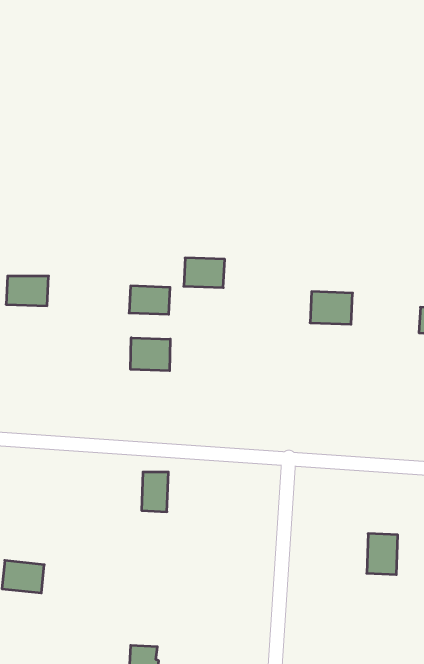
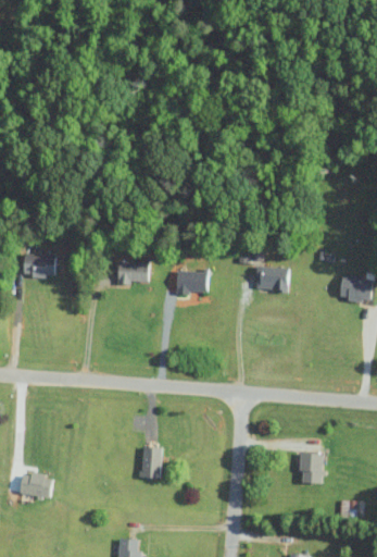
building: [184,258,225,288] -> [176,271,208,294]
building: [131,338,170,371] -> none
building: [142,472,168,512] -> [141,447,162,478]

